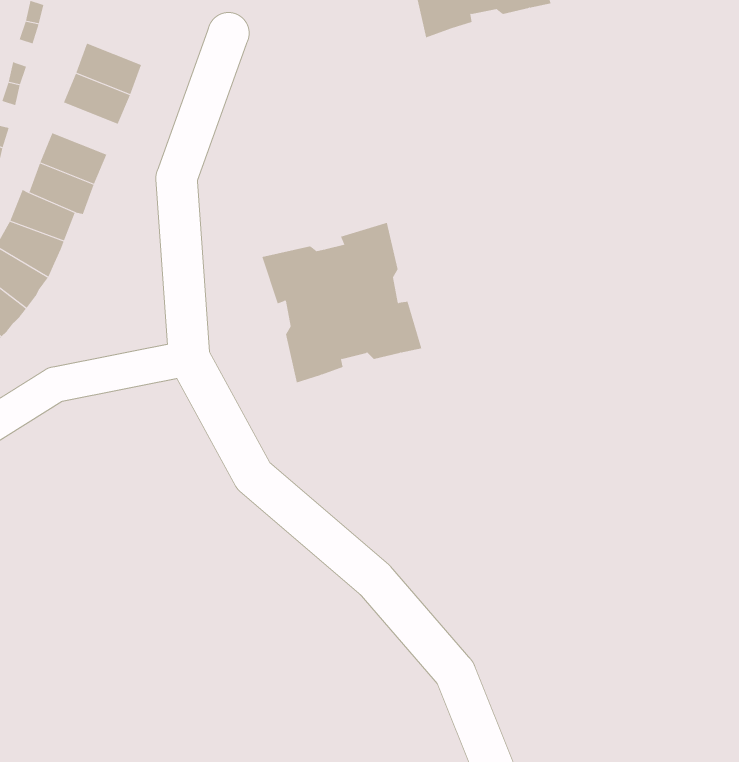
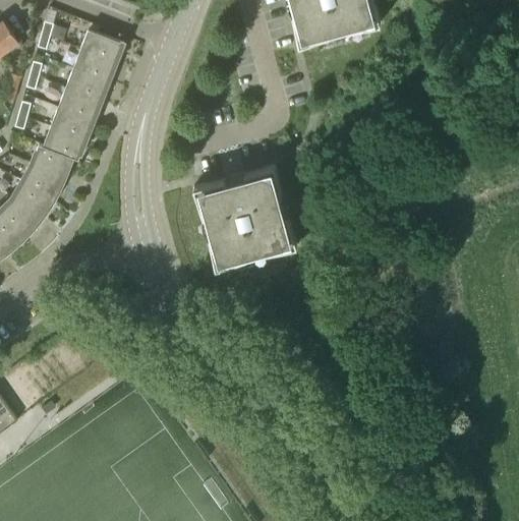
building: none -> [79,32,123,65]
building: none -> [57,90,100,123]

